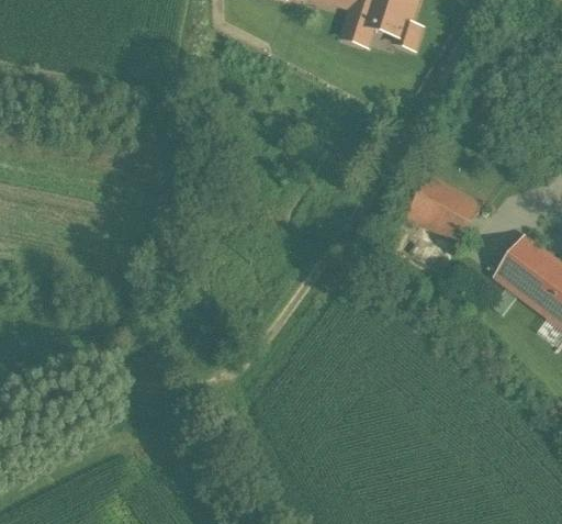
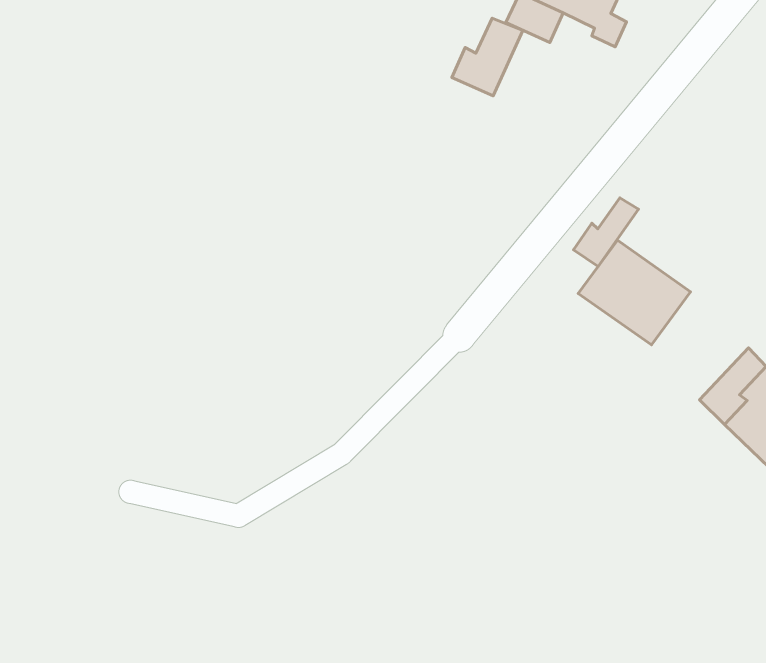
building: none -> [452,18,523,96]
building: none -> [573,198,638,266]

